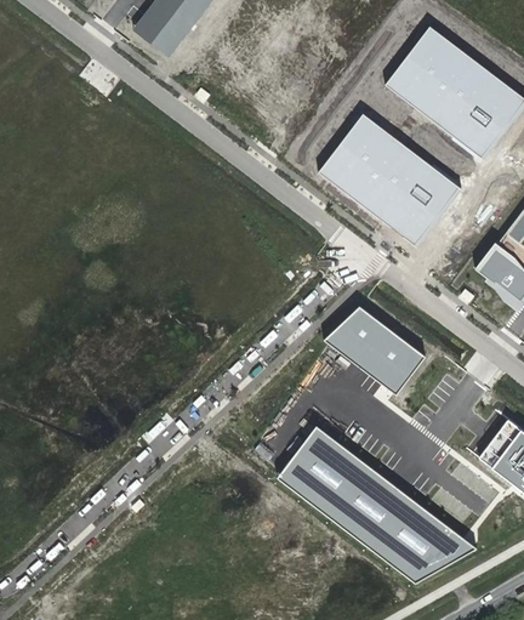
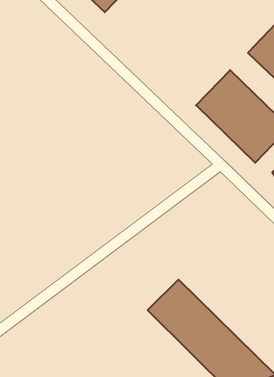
building: [324,308,422,393] -> none

